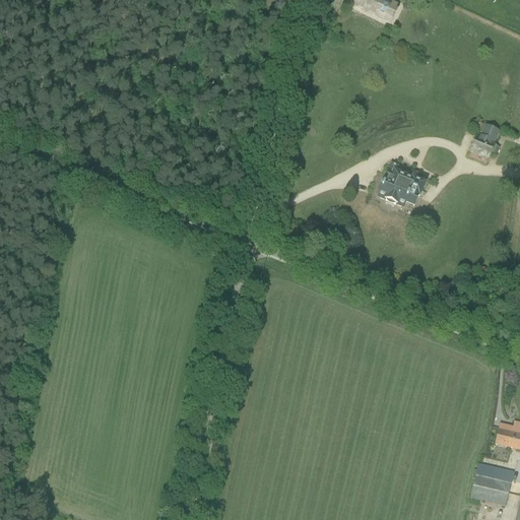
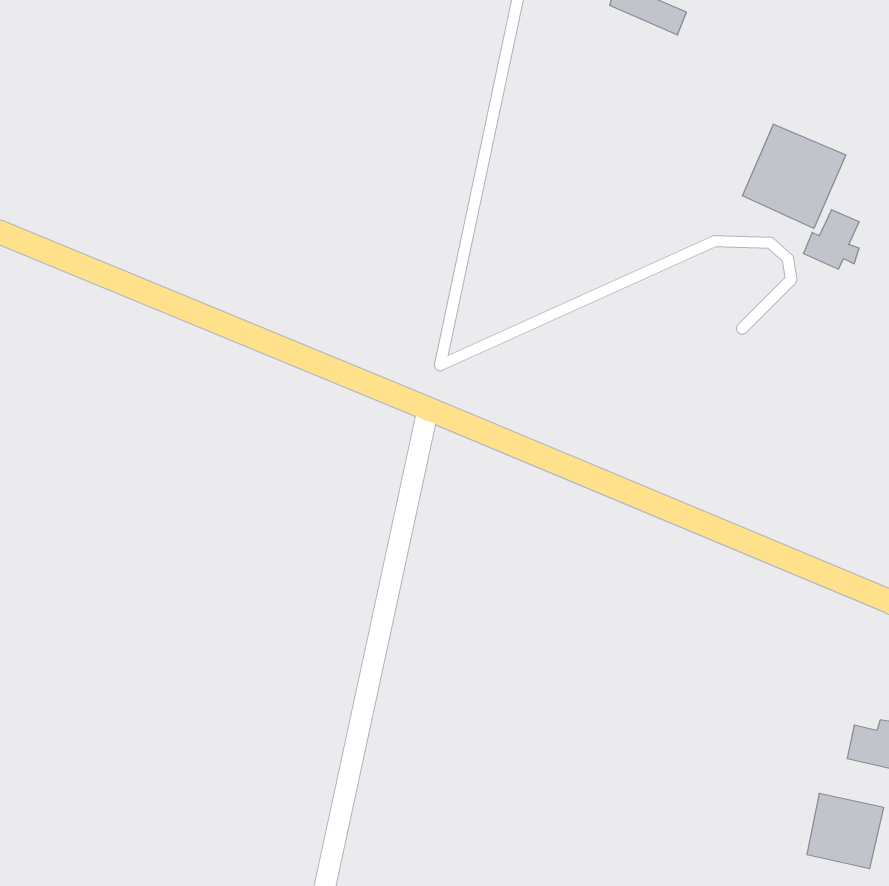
building: none -> [742,124,846,228]
building: [376,160,426,206] -> none

